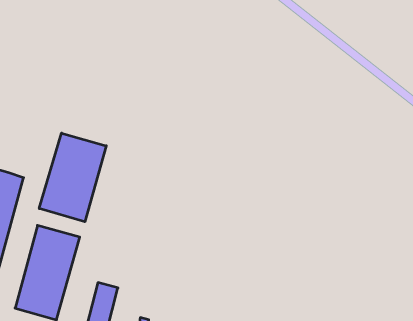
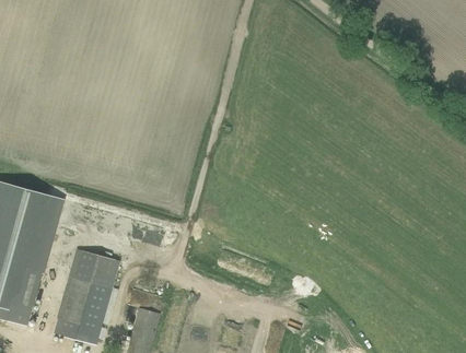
building: [39,133,106,222] -> none

